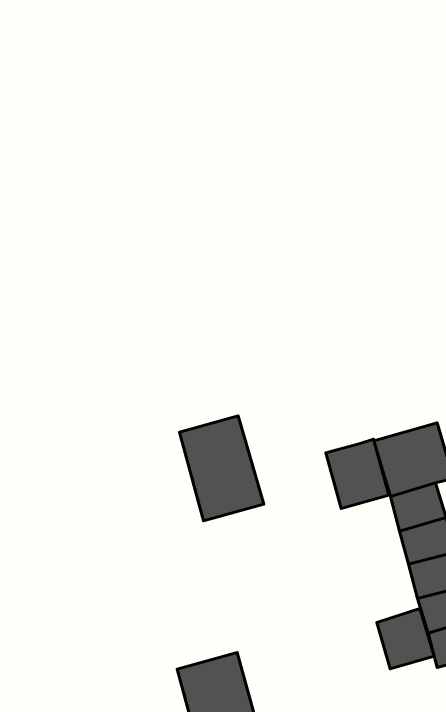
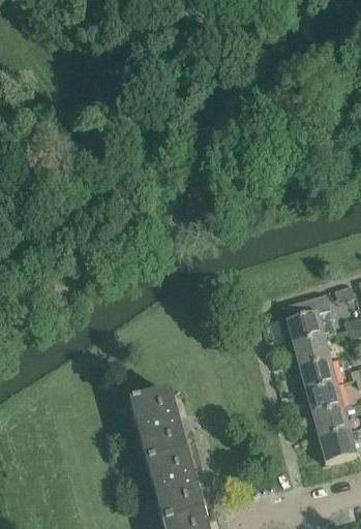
building: [180,416,264,521] -> [130,392,188,464]
building: [326,439,389,509] -> none
building: [377,609,434,669] -> none

